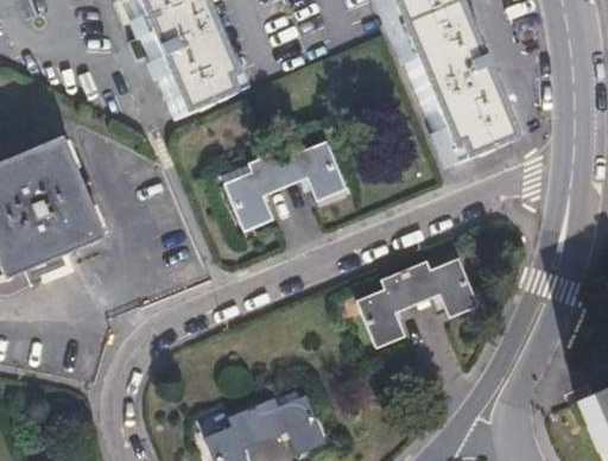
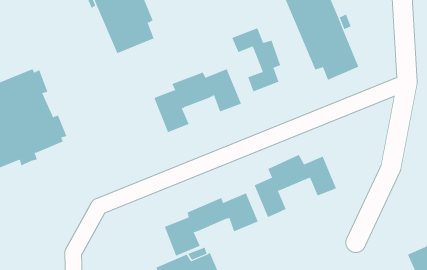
building: none -> [232,27,281,92]
building: none -> [164,192,258,257]

